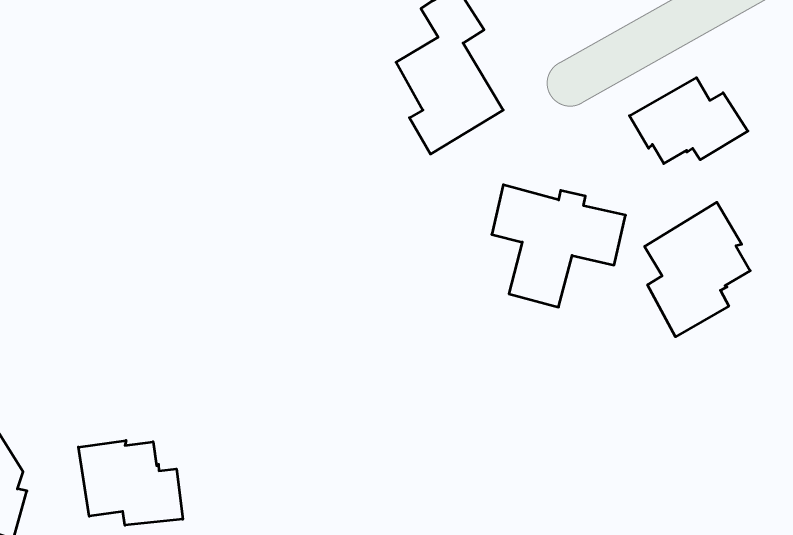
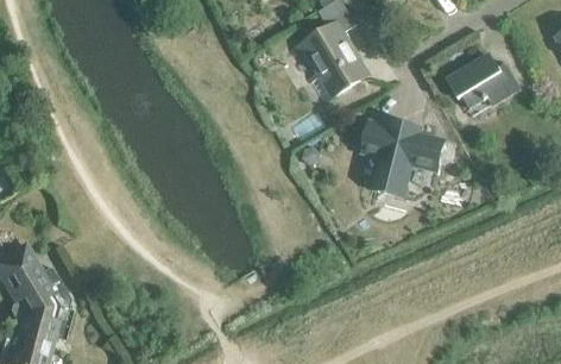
building: [645,202,750,337] -> none
building: [78,440,183,525] -> none

